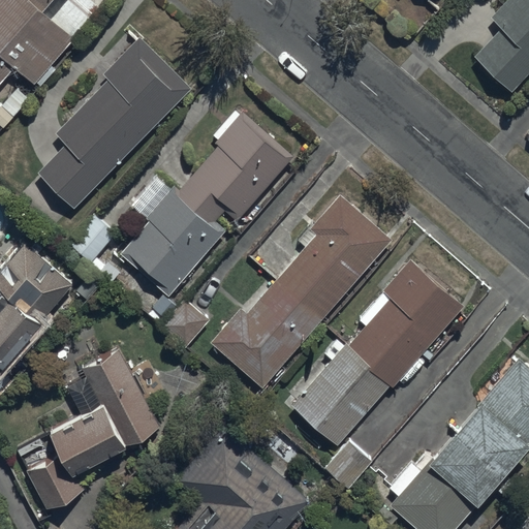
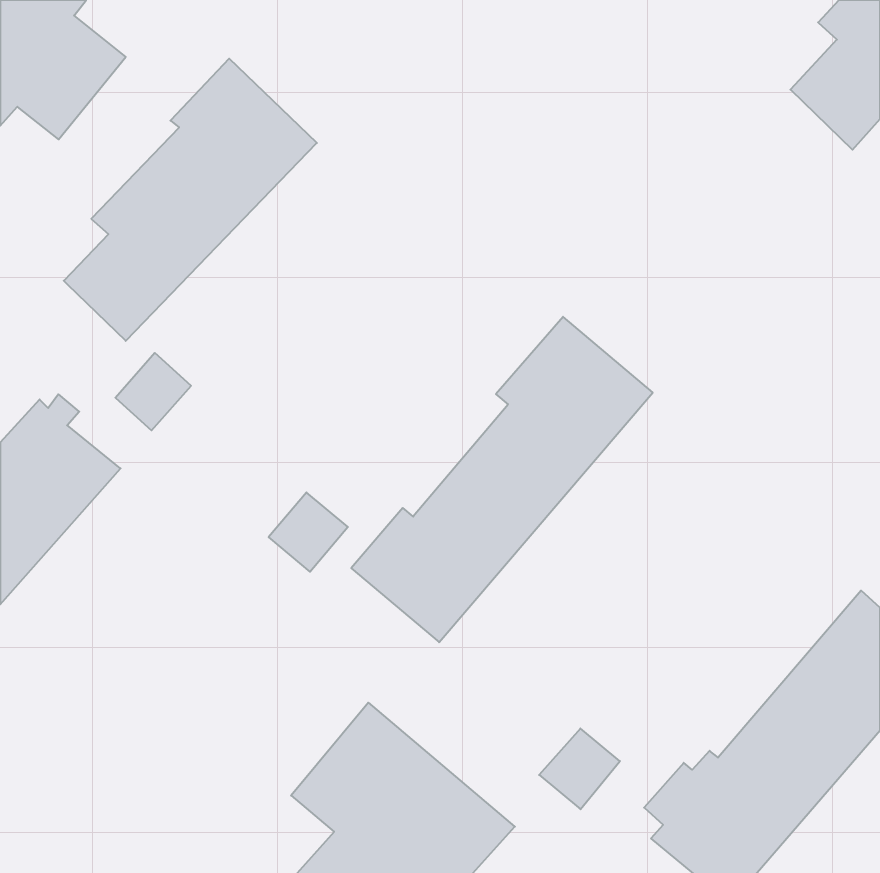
building: [122,111,292,297] -> none
building: [292,260,464,445] -> none
building: [27,350,159,509] -> none

